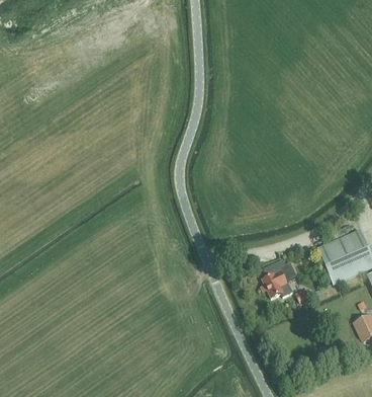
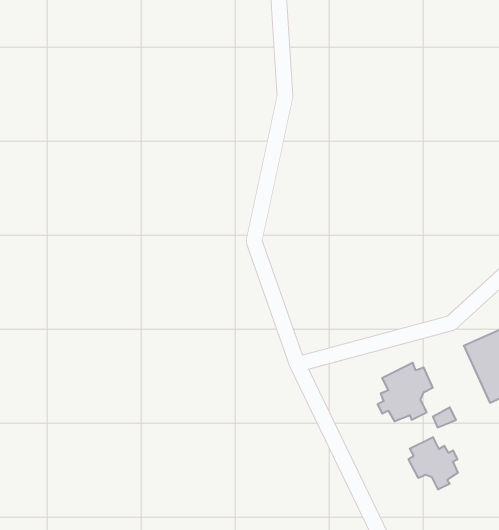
building: none -> [409,437,458,490]

